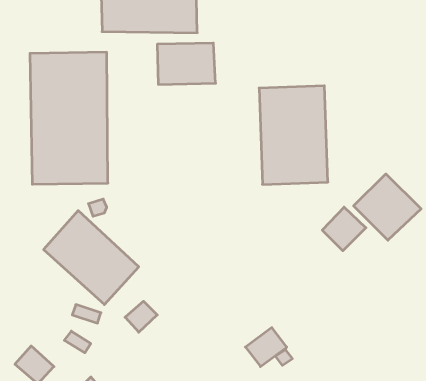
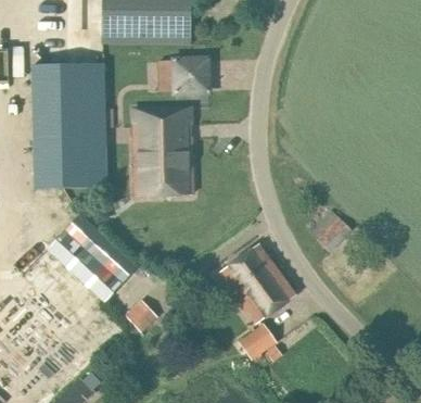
building: [259,86,328,184] -> [130,104,195,198]
building: [354,174,421,240] -> none
building: none -> [220,243,297,324]

